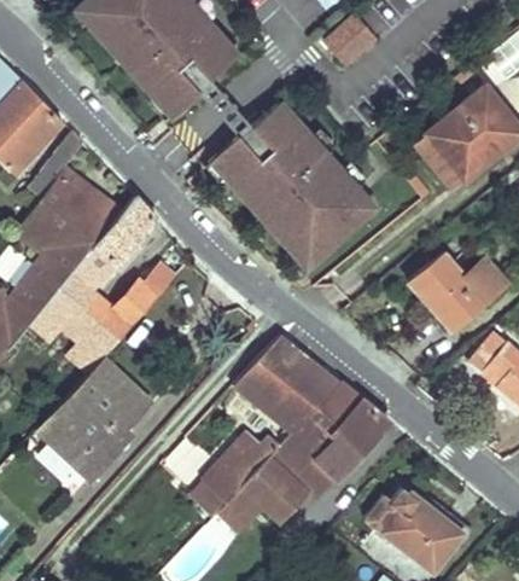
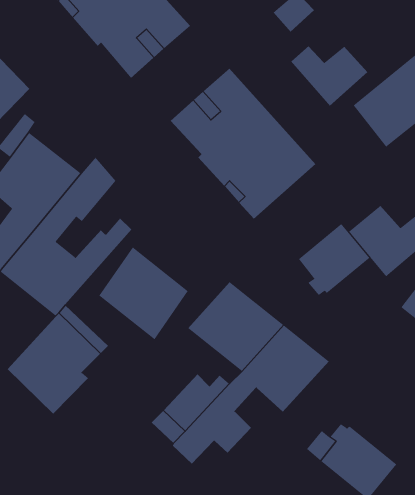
building: none -> [291,46,368,107]
building: none -> [298,223,370,296]
building: none -> [99,246,189,340]
building: [286,451,338,502] -> none

